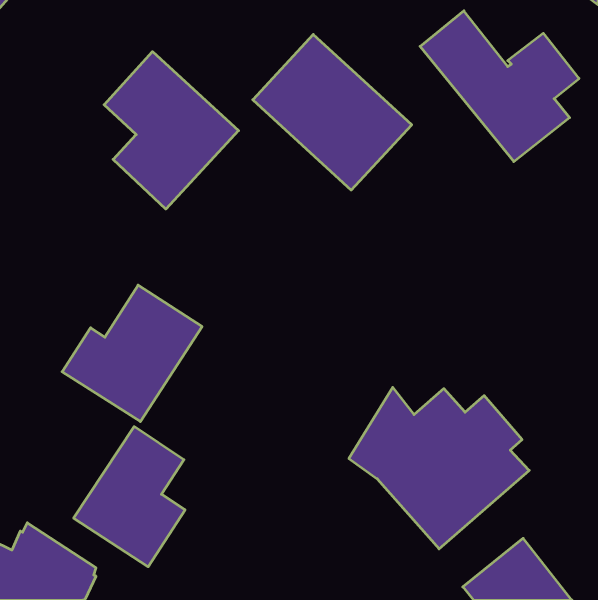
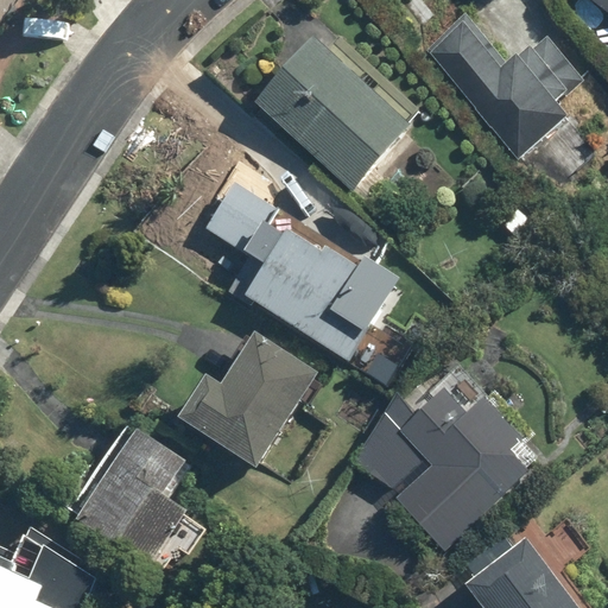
building: [104,52,239,209] -> none
building: none -> [202,179,413,368]
building: [62,285,202,422] -> [178,330,318,467]

